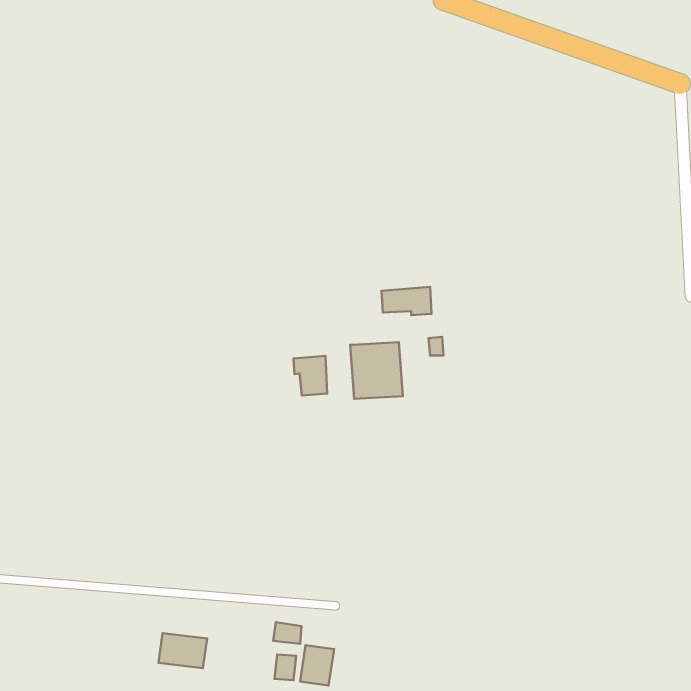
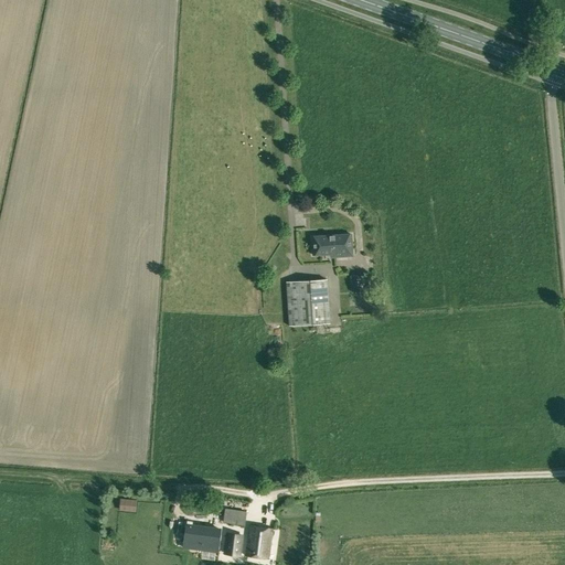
building: [293,356,327,396] -> none
building: [158,633,207,668] -> [182,524,222,553]

